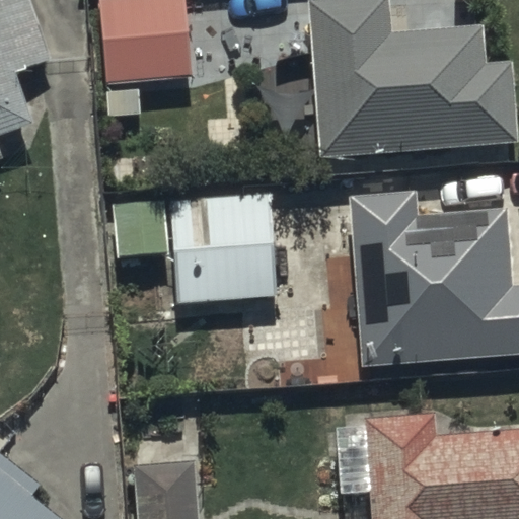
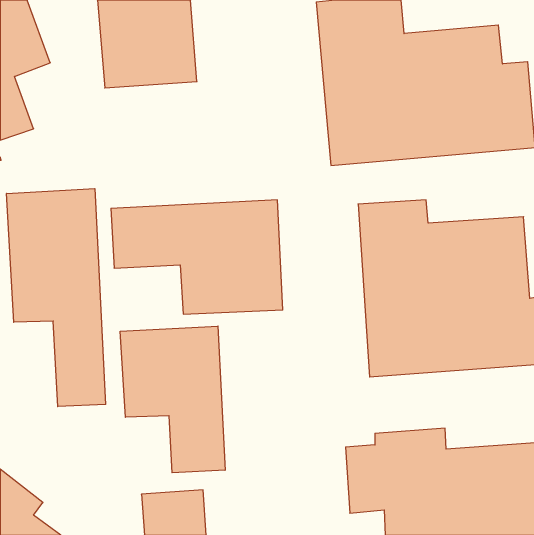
building: none -> [7,189,106,407]
building: none -> [120,326,225,473]

